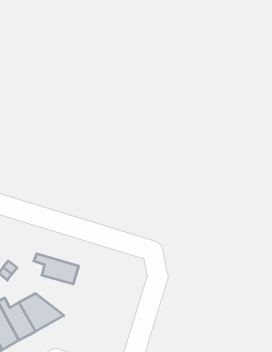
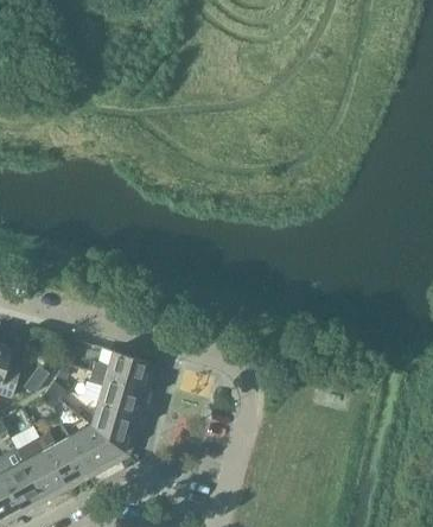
building: none -> [88,351,152,389]
building: none -> [87,401,138,456]

